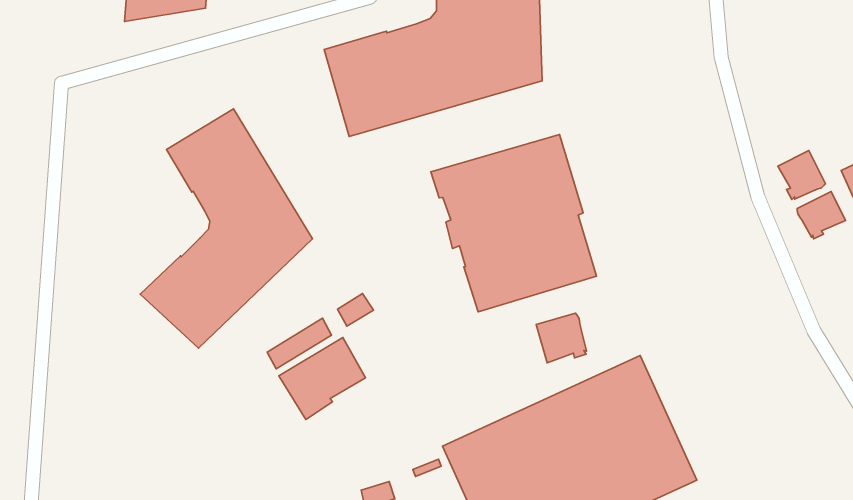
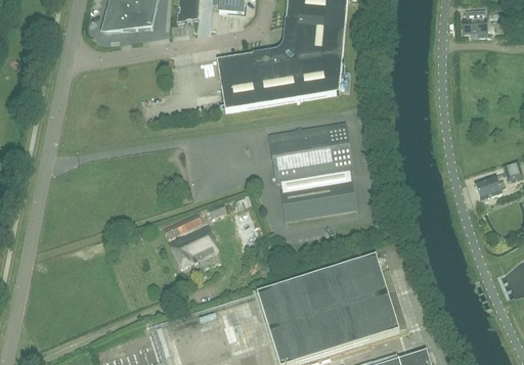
building: [140,109,312,348] -> none
building: [778,151,825,199] -> none
building: [536,313,586,363] -> none

